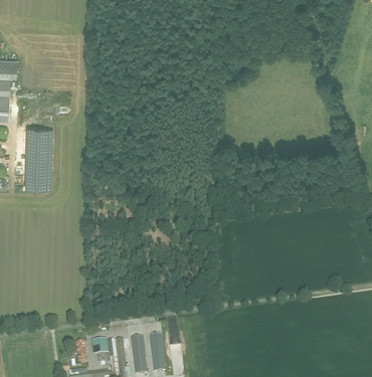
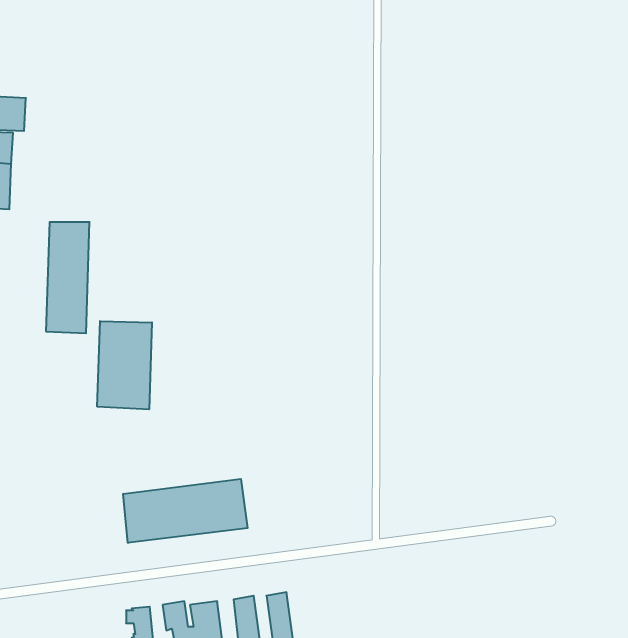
building: none -> [97,321,152,409]
building: none -> [123,479,248,543]

